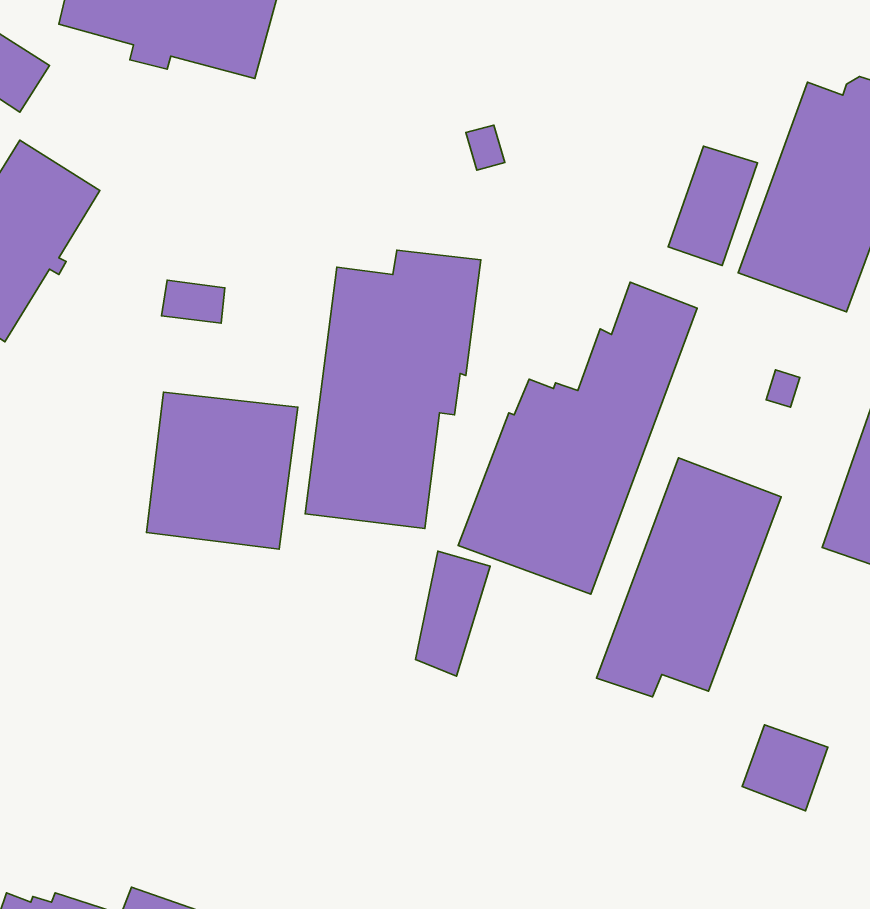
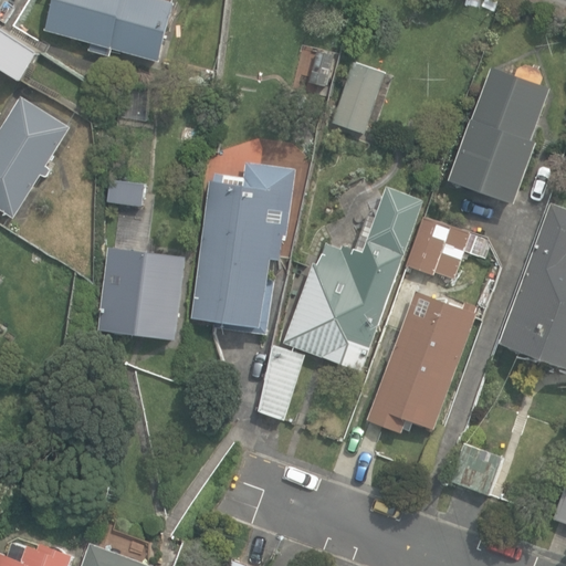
building: [668,146,758,266] -> [332,61,385,132]
building: none -> [406,217,468,277]

